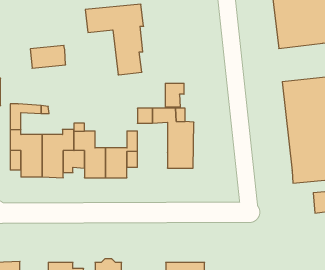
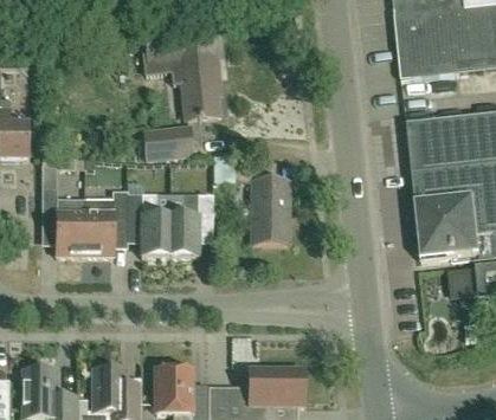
building: [30,45,66,68] -> [143,125,191,156]
building: [165,83,184,107] -> none
building: none -> [155,192,198,214]

